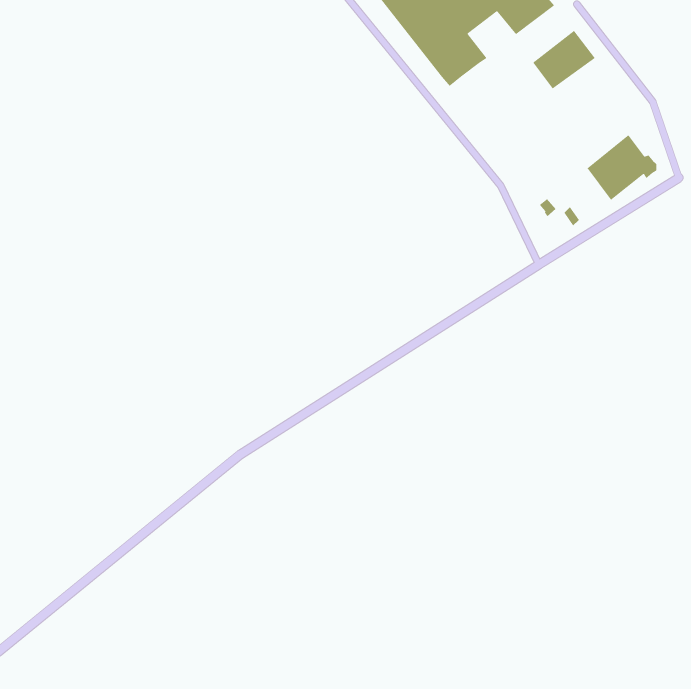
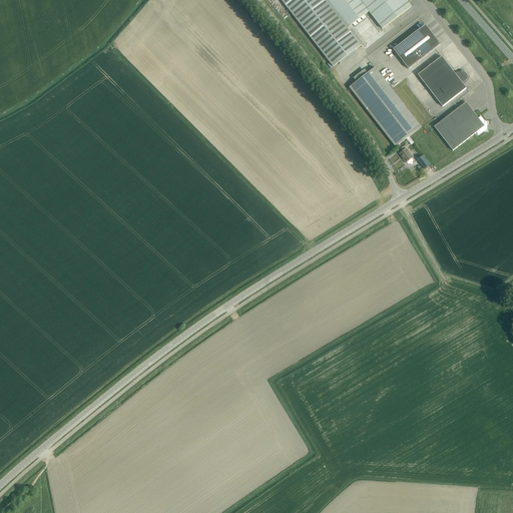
building: none -> [416,54,466,104]
building: none -> [346,65,420,144]

